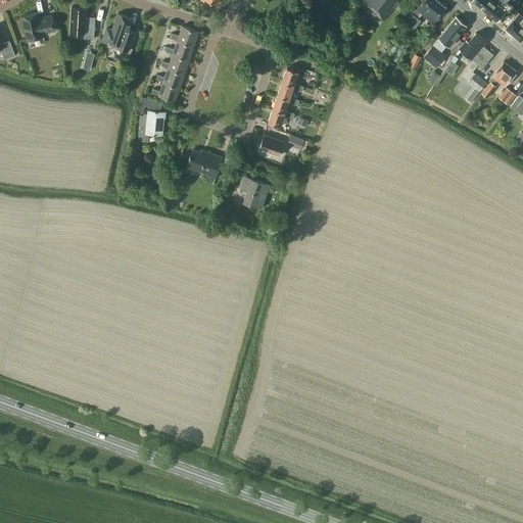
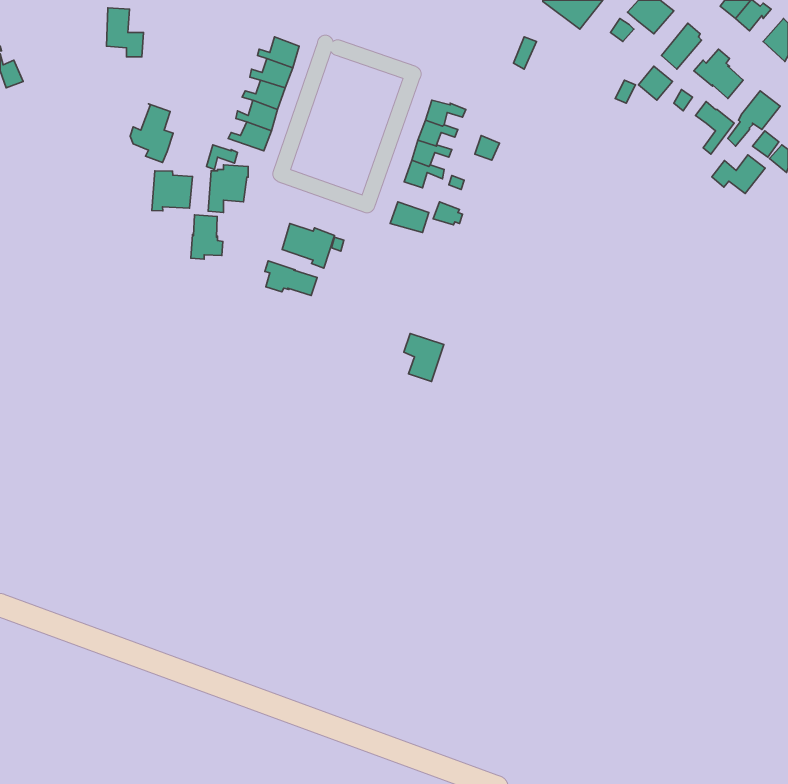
building: [21,13,55,41] -> none
building: [105,14,134,53] -> [130,104,173,162]
building: none -> [712,155,765,193]
building: none -> [152,171,193,211]
building: none -> [191,215,223,259]
building: none -> [265,261,317,295]
building: [240,177,267,208] -> [404,334,444,381]

